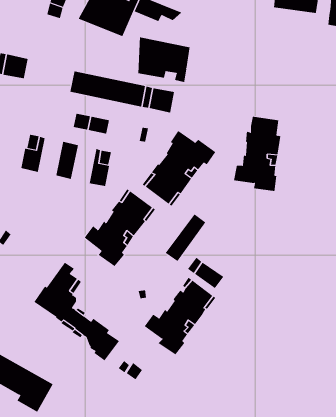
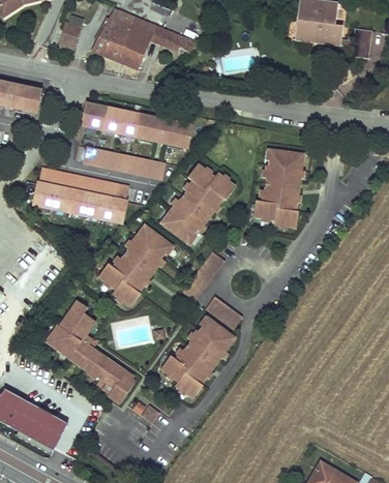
building: [138,37,190,83] -> none
building: none -> [122,154,154,175]
building: none -> [52,173,77,211]
building: none -> [86,180,111,219]

